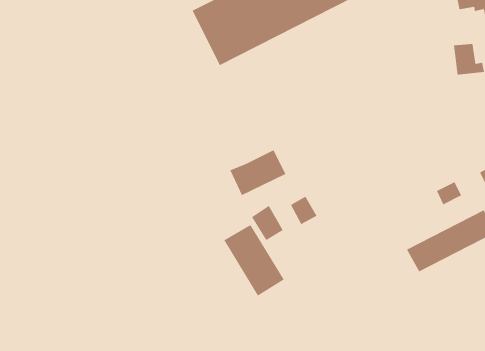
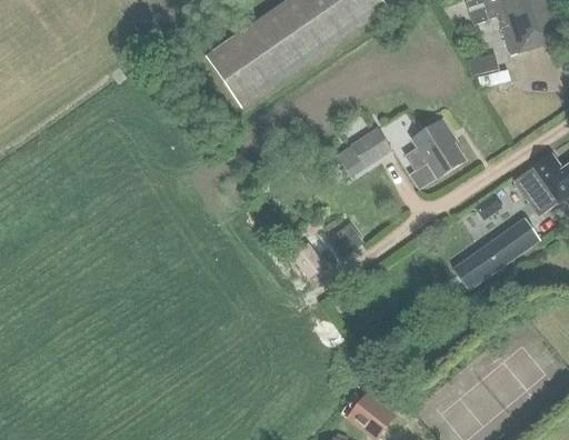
building: none -> [405,118,465,177]
building: [229,150,286,196] -> [335,127,392,178]
building: [223,224,284,297] -> none

